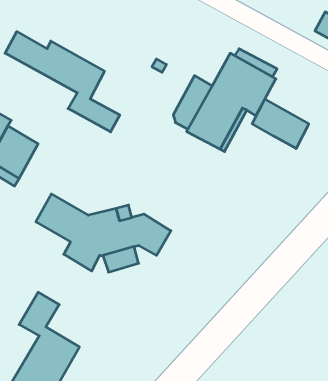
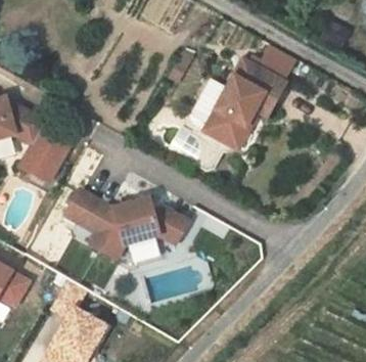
building: [5,32,120,132] -> none
building: [252,99,309,149] -> none

